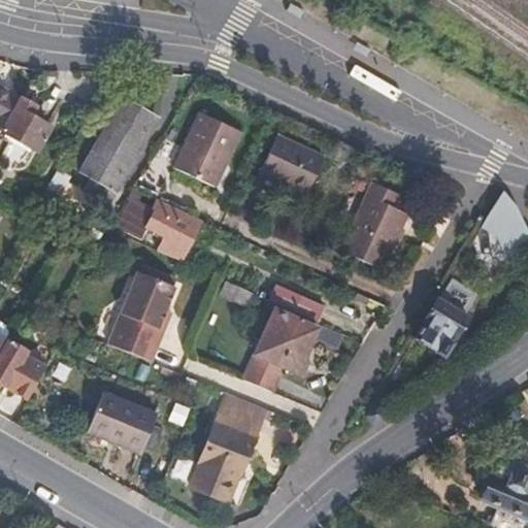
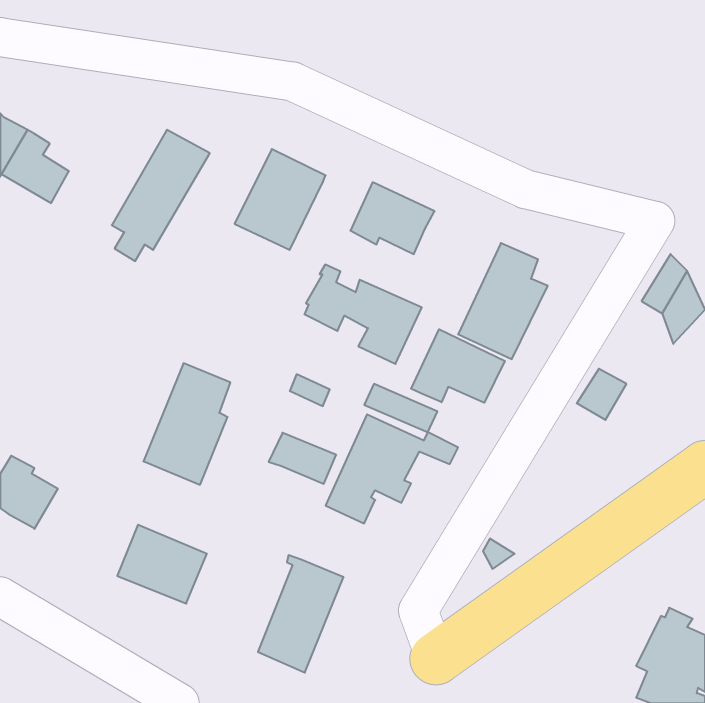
building: [116,189,203,263] -> [304,265,422,364]
building: none -> [411,329,505,403]
building: [407,301,462,360] -> none
building: [216,393,266,431] -> [269,433,336,484]

